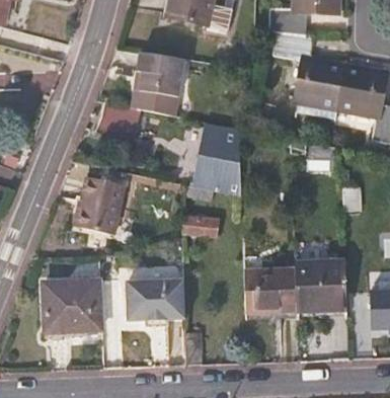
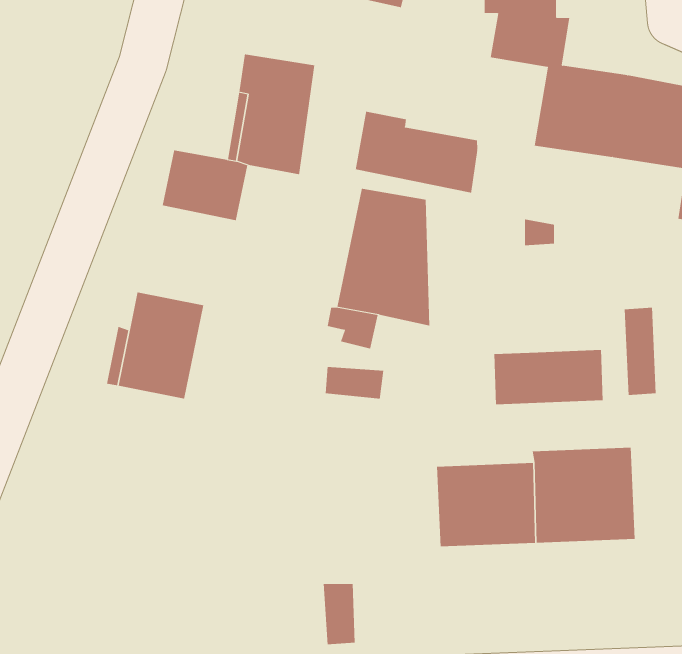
building: none -> [355,111,478,193]
building: none -> [494,349,603,405]
building: [44,280,101,333] -> none
building: [125,281,183,322] -> none

